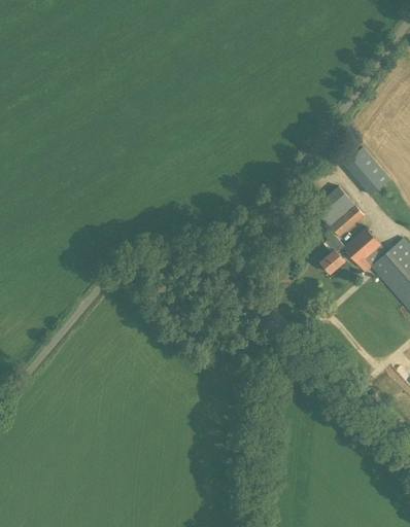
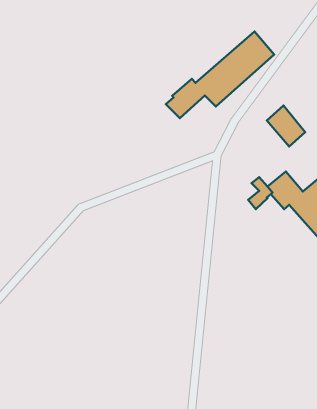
building: none -> [166,32,274,118]
building: [312,184,364,236] -> none

